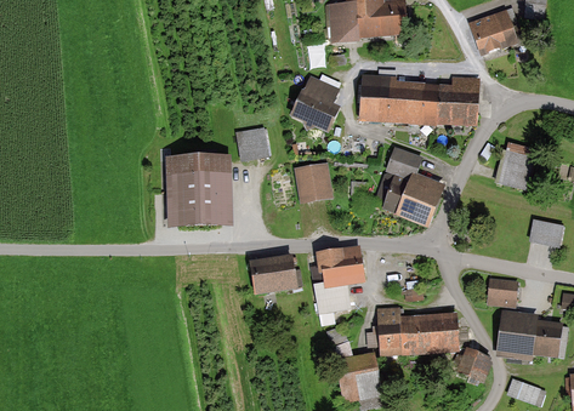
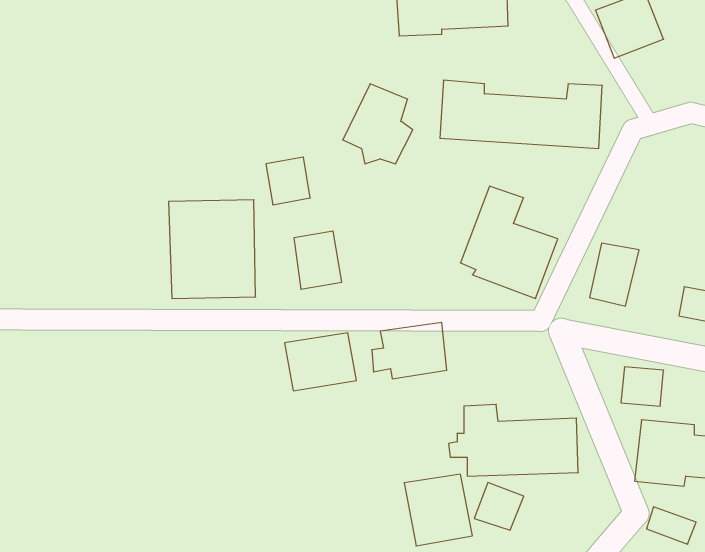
building: [498,144,533,189] -> [590,243,639,306]
building: [297,162,331,204] -> [294,231,342,289]
building: [455,347,490,381] -> [474,483,524,530]

